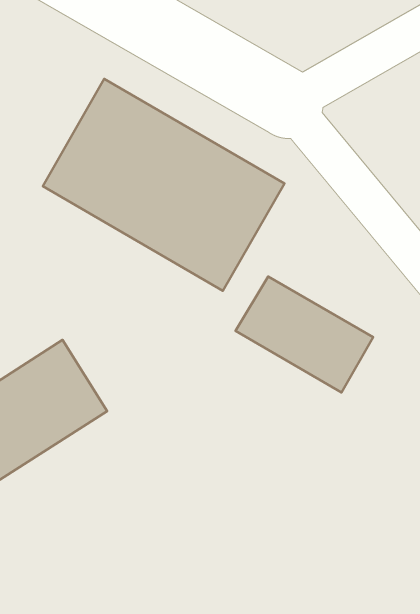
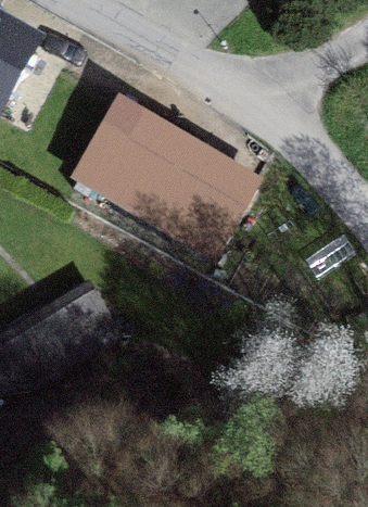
building: [236,276,373,393] -> none

